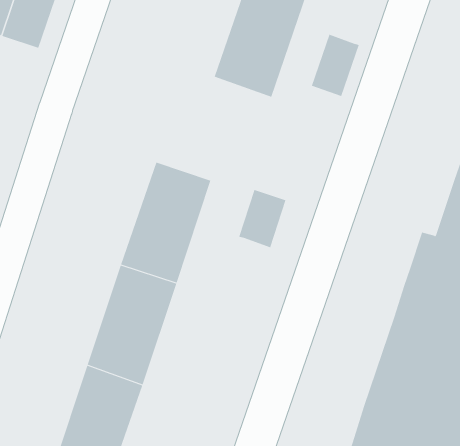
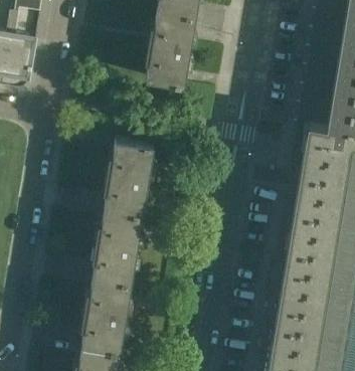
building: [311,34,359,97] -> none
building: [238,189,286,248] -> none

